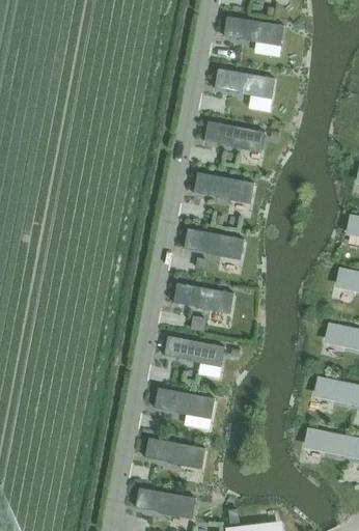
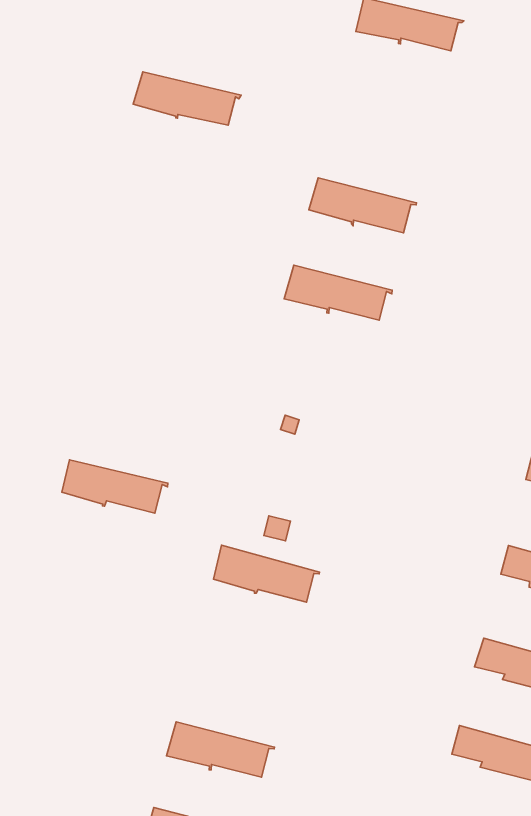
building: [215,68,276,95] -> [133,72,241,125]
building: [185,228,245,257] -> none
building: [174,283,234,310] -> [62,460,168,513]
building: [155,388,216,416] -> none

